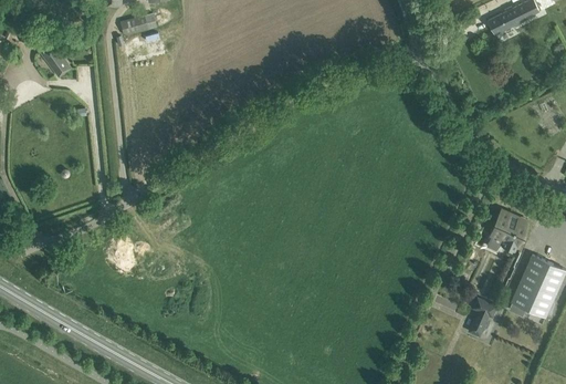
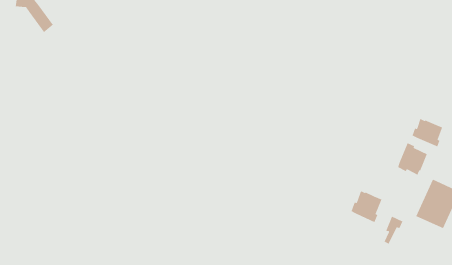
building: none -> [412,118,443,148]
building: none -> [350,190,382,223]

